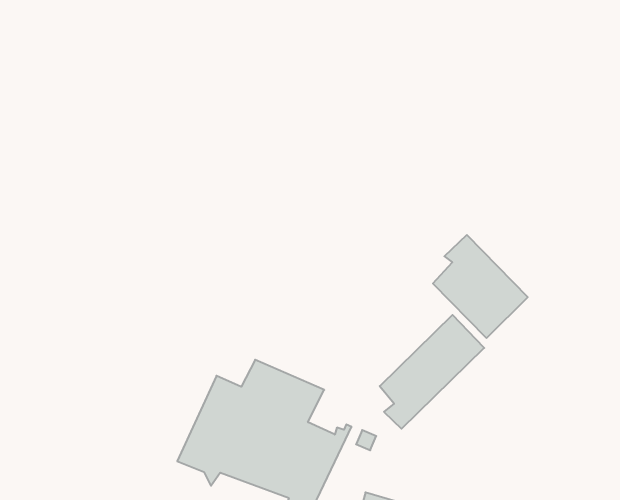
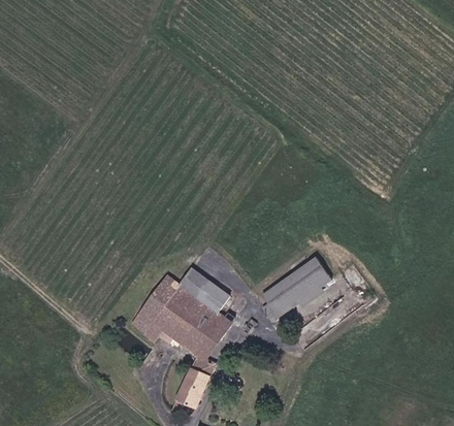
building: [433,235,528,338] -> none

